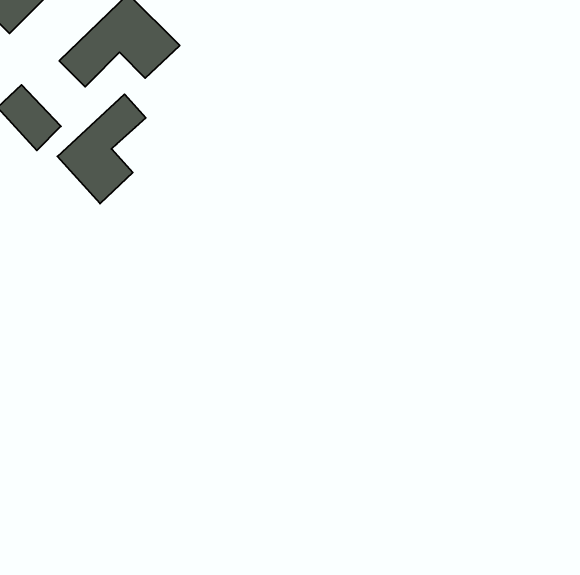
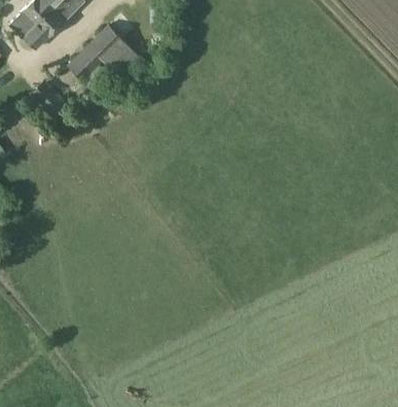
building: [57,94,146,204] -> none

